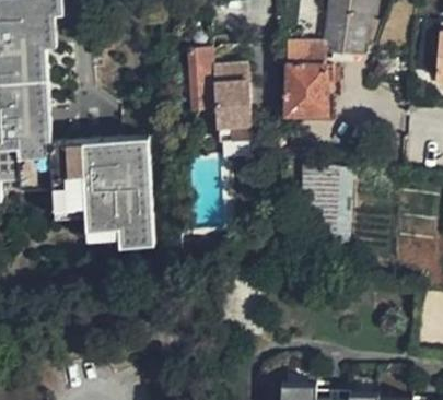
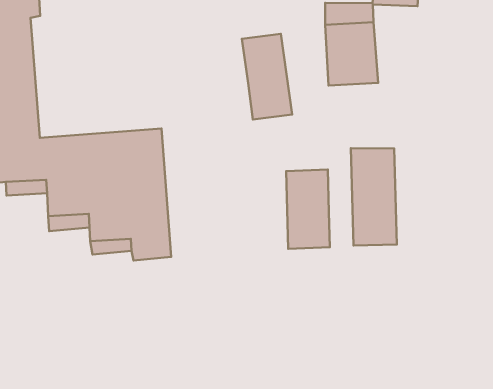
building: [188,46,220,108] -> none
building: none -> [286,170,330,249]

